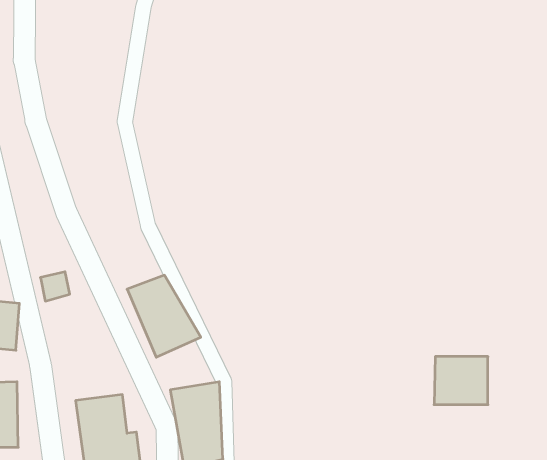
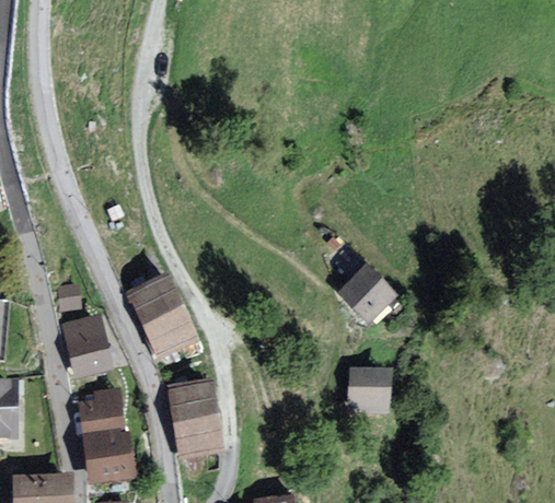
building: none -> [340,260,403,323]
building: none -> [54,314,106,374]
building: [434,357,488,405] -> [348,367,398,412]

